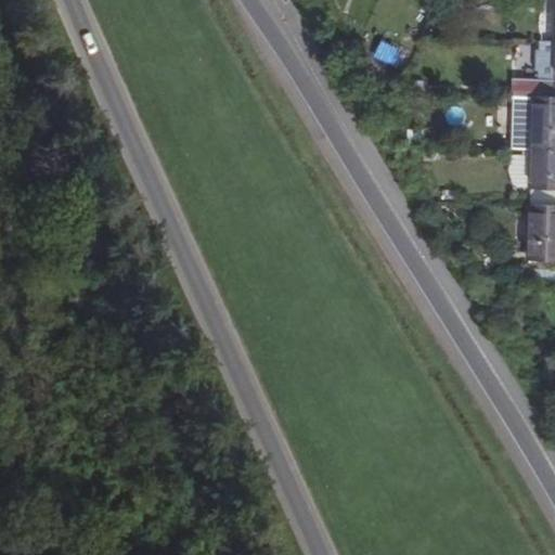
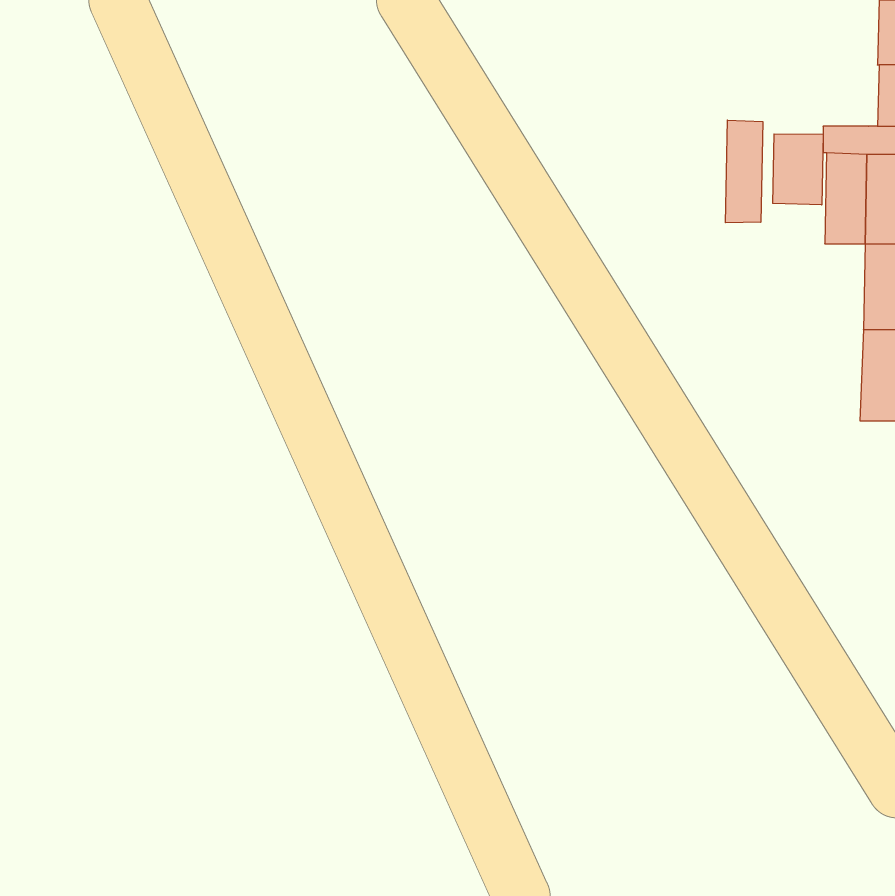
building: none -> [725,120,763,223]
building: none -> [773,134,823,205]

